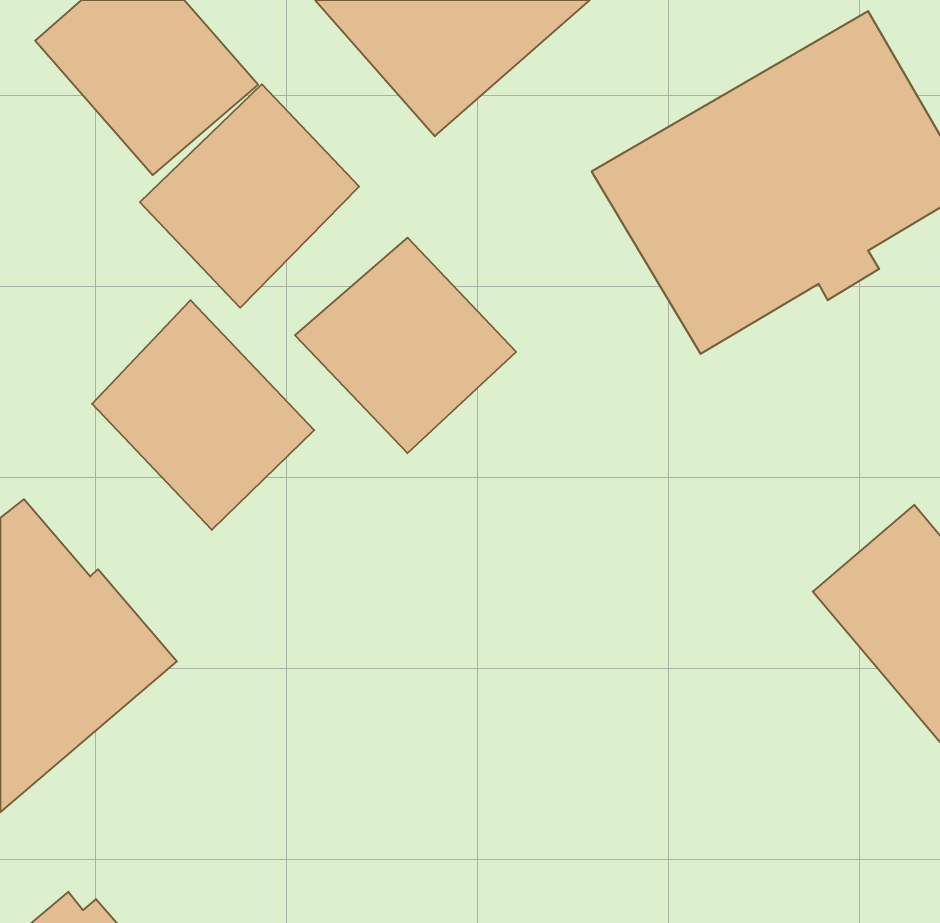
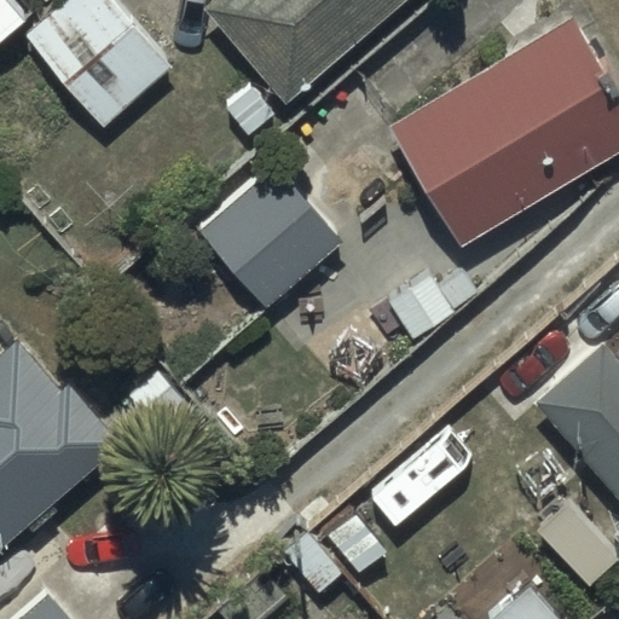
building: [140,84,359,308] -> none
building: [92,300,314,530] -> none

